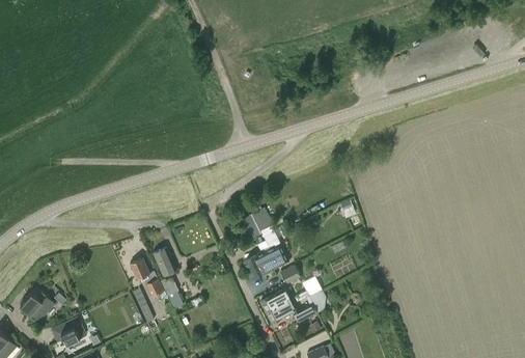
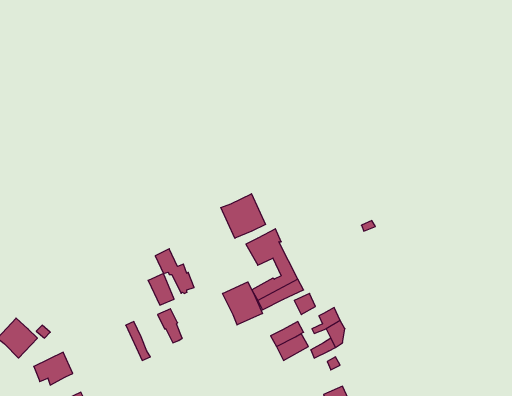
building: none -> [221,194,265,238]
building: none -> [223,282,262,325]
building: [130,257,164,297] -> [155,249,194,293]

